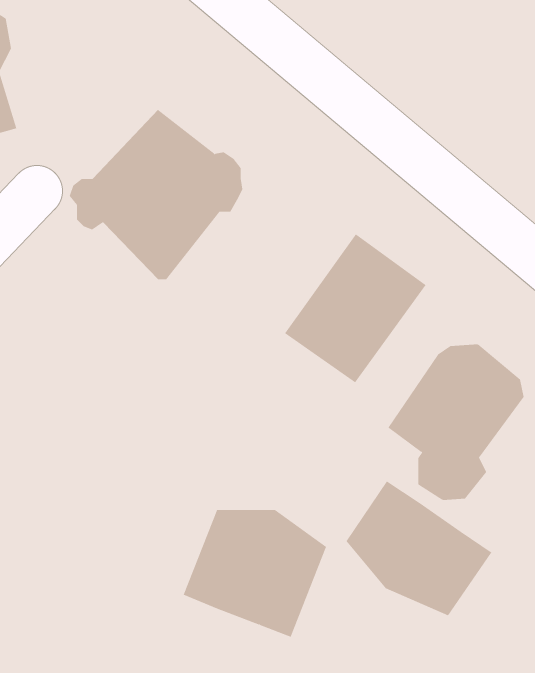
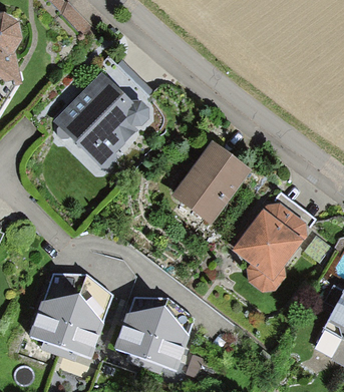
building: none -> [30,276,114,361]
building: [346,481,492,616] -> none

